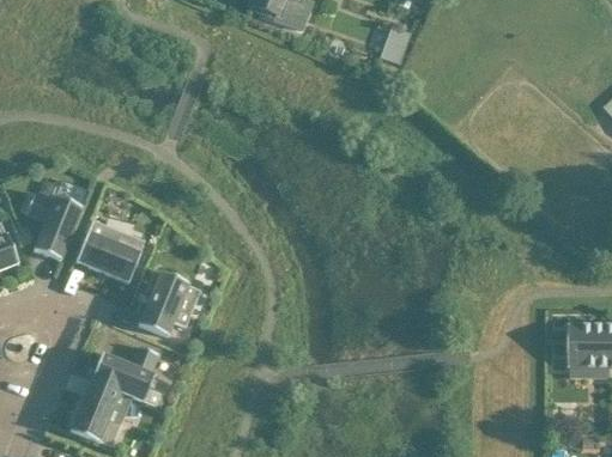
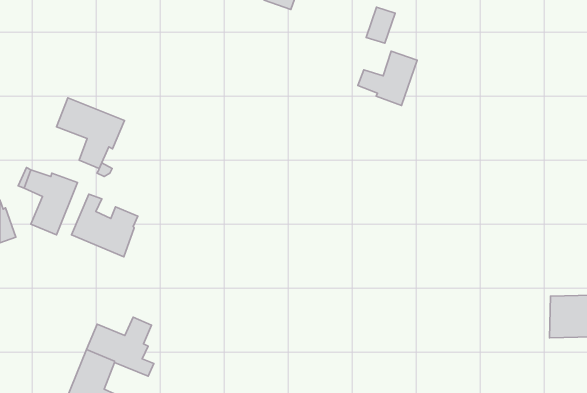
building: none -> [358,51,417,106]
building: none -> [57,98,125,169]
building: [137,272,199,337] -> none

